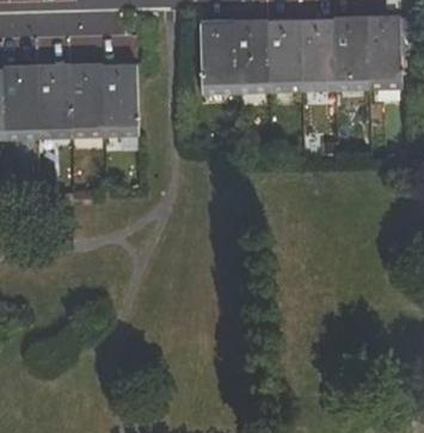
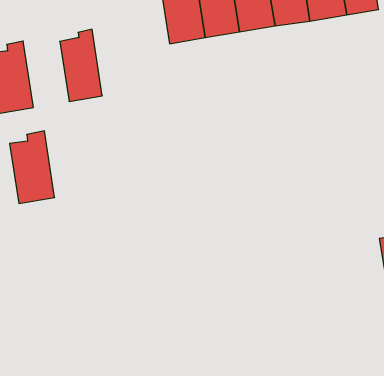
building: [69,66,104,129] -> [10,131,55,203]

